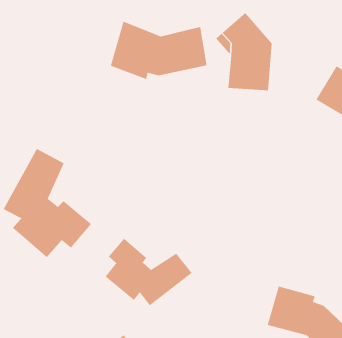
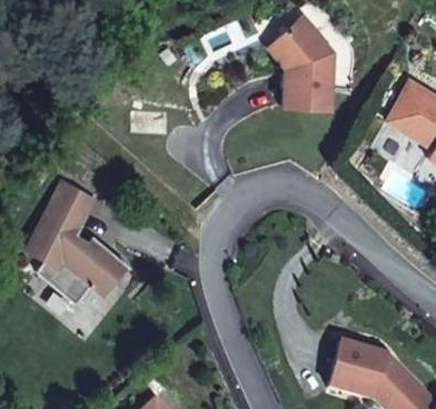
building: [110,21,207,80] -> none
building: [105,238,192,306] -> none

